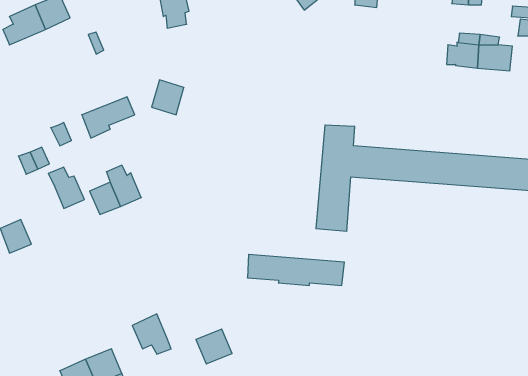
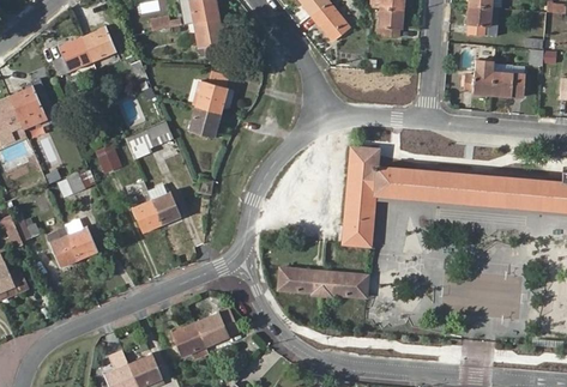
building: none -> [197,73,228,113]
building: [48,167,84,208] -> [64,219,97,258]
building: [196,329,232,364] -> [194,313,228,345]

